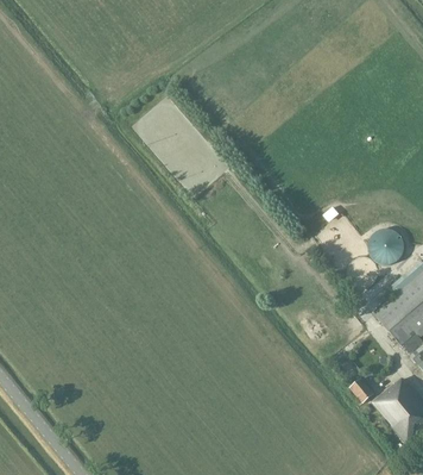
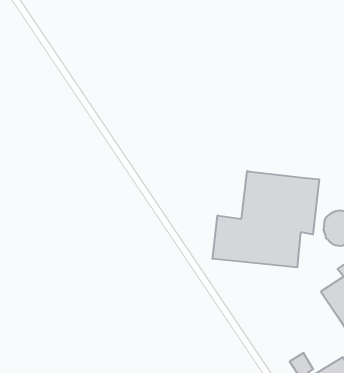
building: none -> [213,171,319,267]

